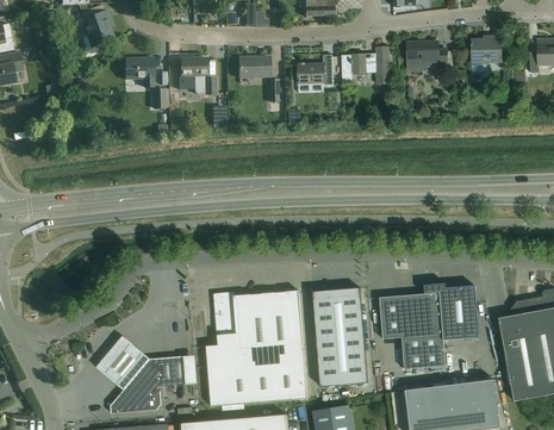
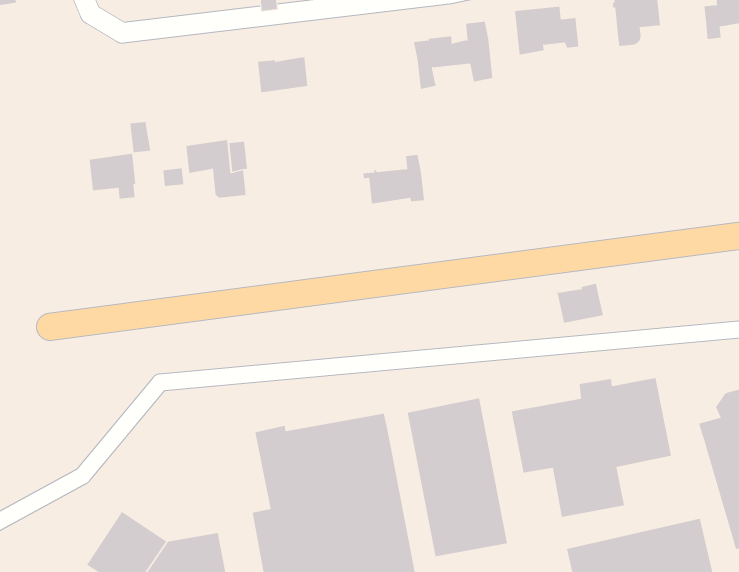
building: [82,11,114,52] -> none
building: [294,55,332,85] -> [362,155,425,204]
building: [126,57,155,86] -> [89,153,136,199]
building: [181,57,217,94] -> [186,140,247,198]
building: none -> [556,283,604,324]

